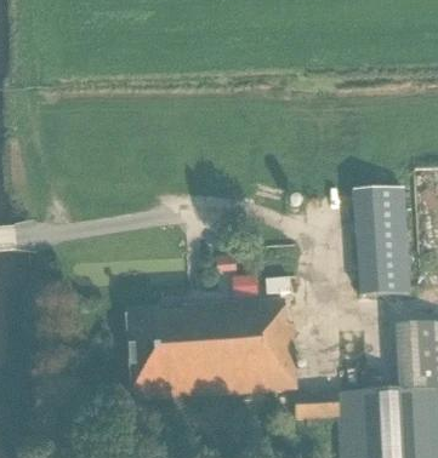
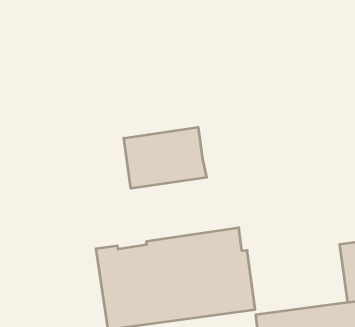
building: none -> [124,127,207,188]
building: [353,185,409,294] -> none

